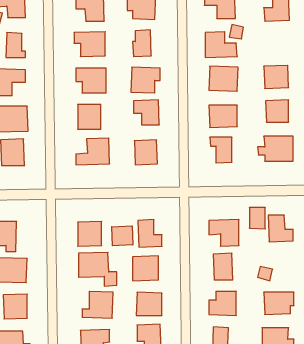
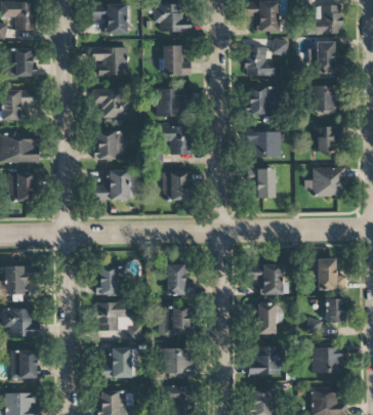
building: none -> [316,42,335,74]
building: [249,208,265,229] -> [325,299,343,324]
building: [112,226,133,246] -> none

